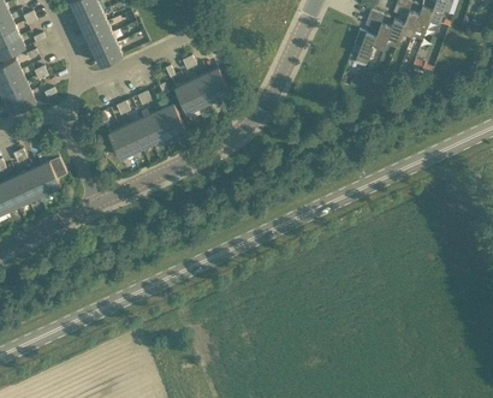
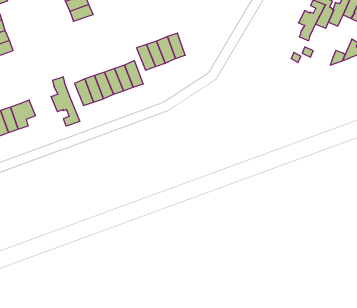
building: none -> [51,77,80,126]

